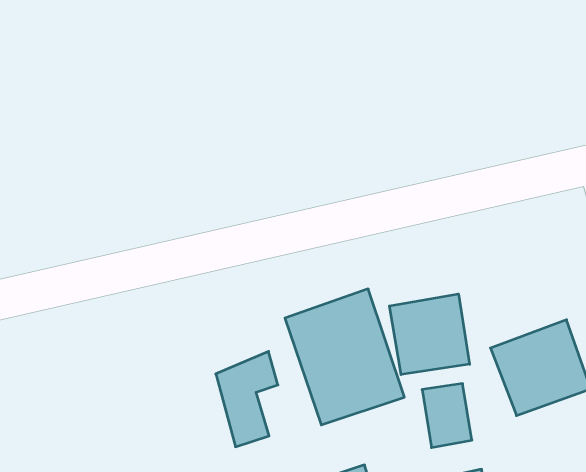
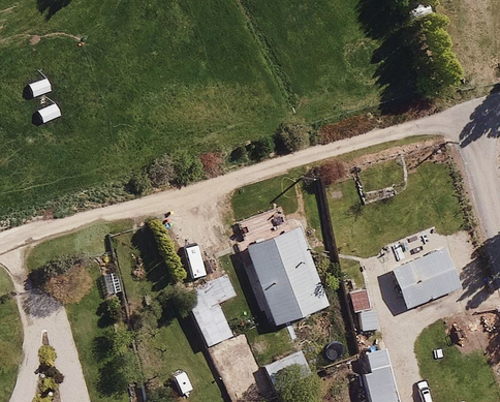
building: [389,294,470,375] -> none

